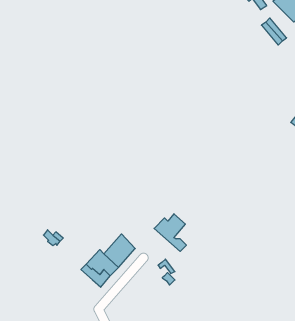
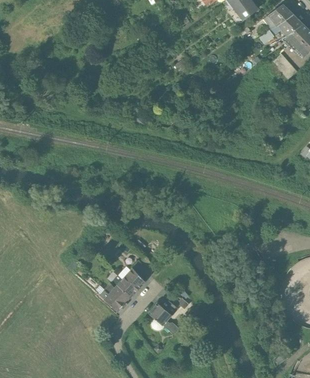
building: [154,214,186,251] -> [148,299,179,335]

